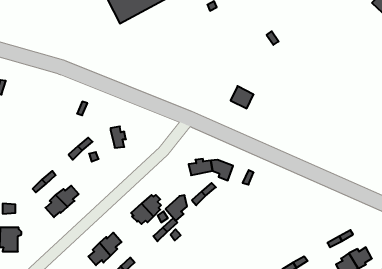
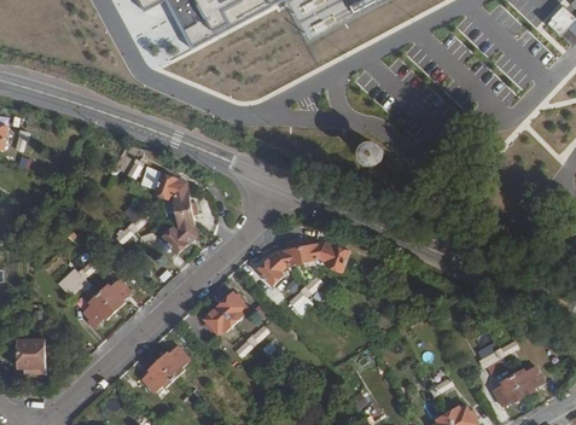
building: none -> [153,174,187,200]
building: none -> [161,225,194,252]
building: [166,195,187,221] -> [257,249,287,285]

